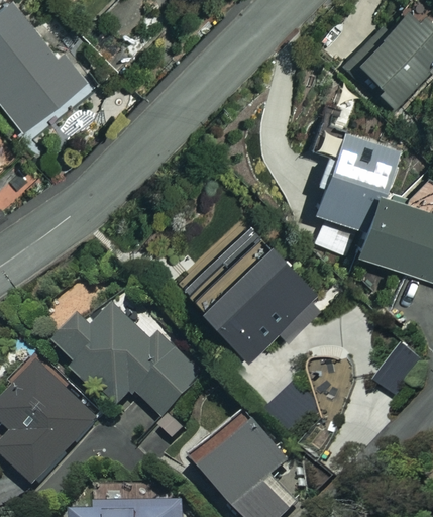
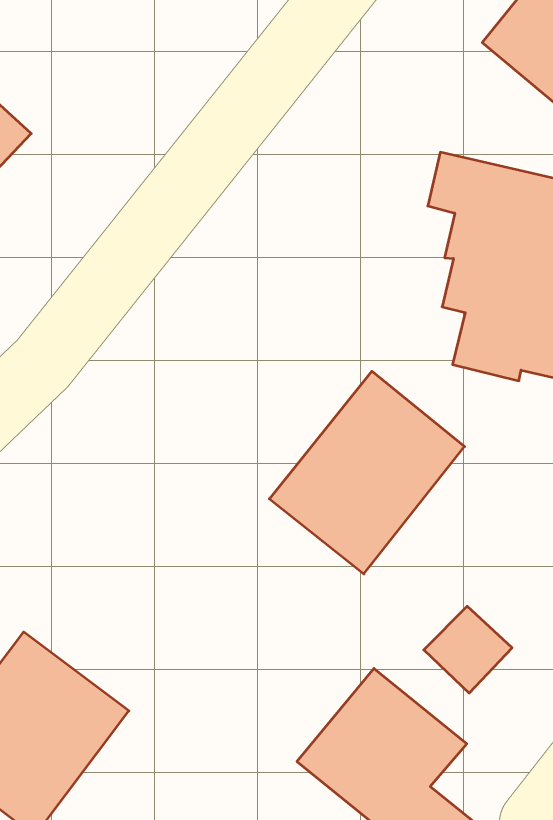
building: [55,310,206,420] -> none

